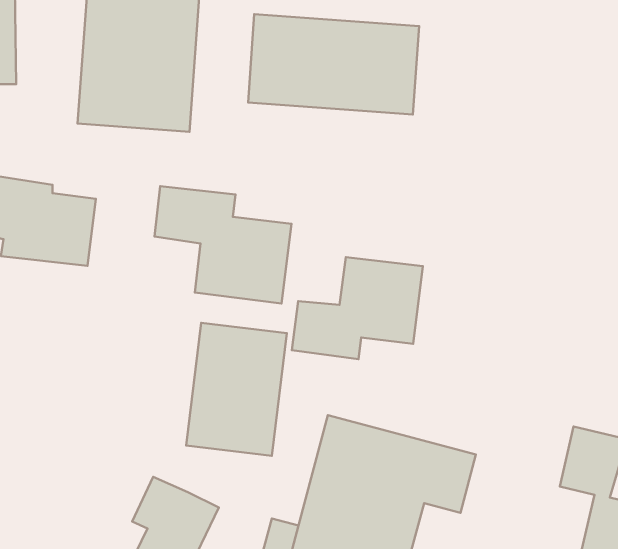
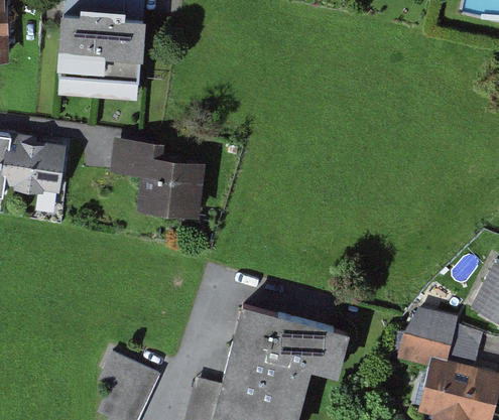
building: [248,14,419,114] -> none
building: [292,257,423,359] -> none
building: [186,323,287,456] -> none

